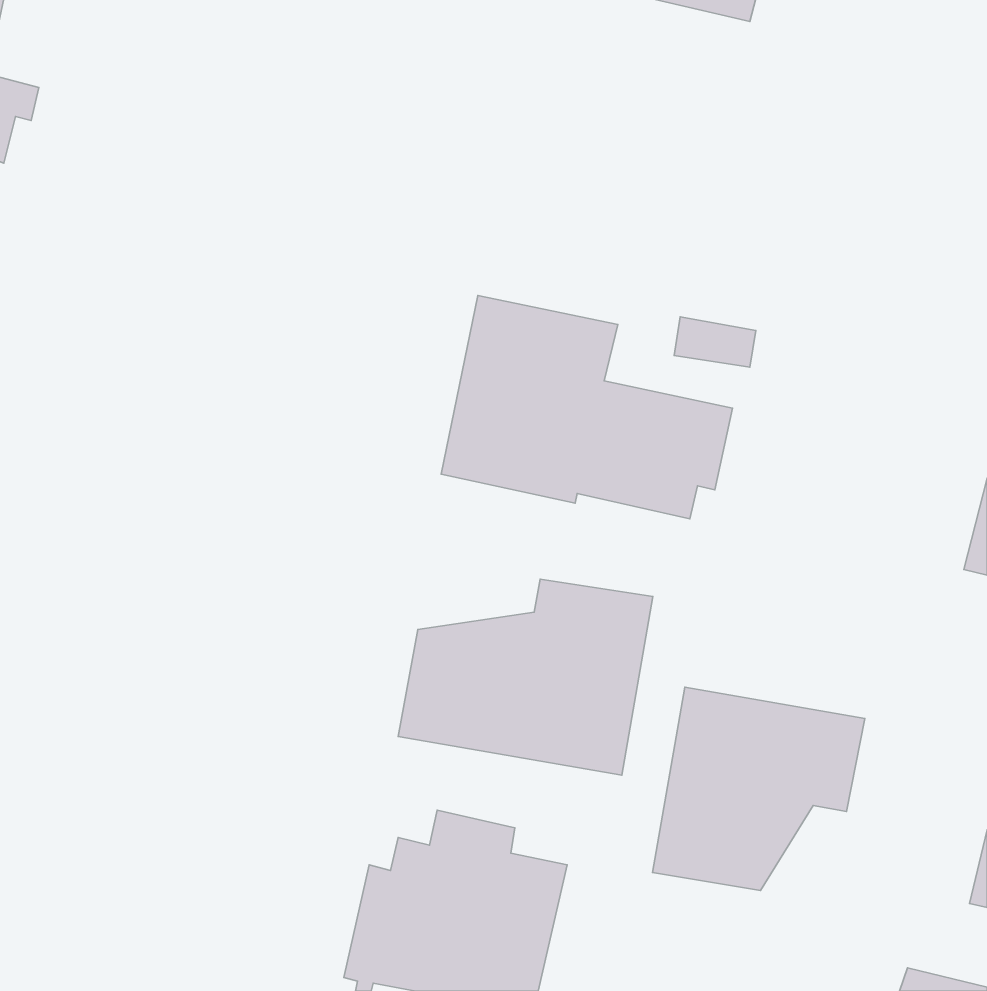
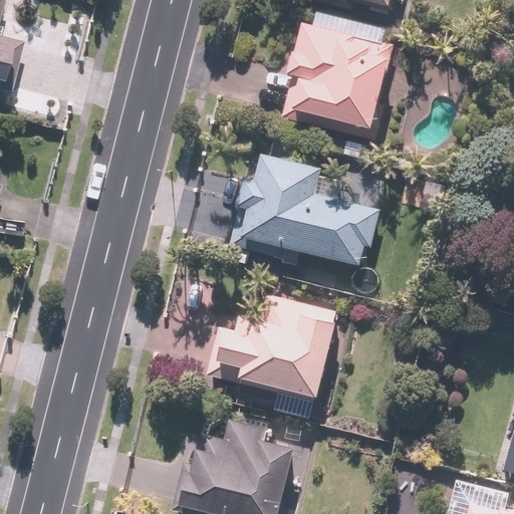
building: none -> [279,6,393,141]
building: [653,687,865,891] -> none

